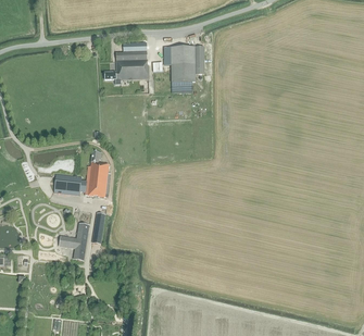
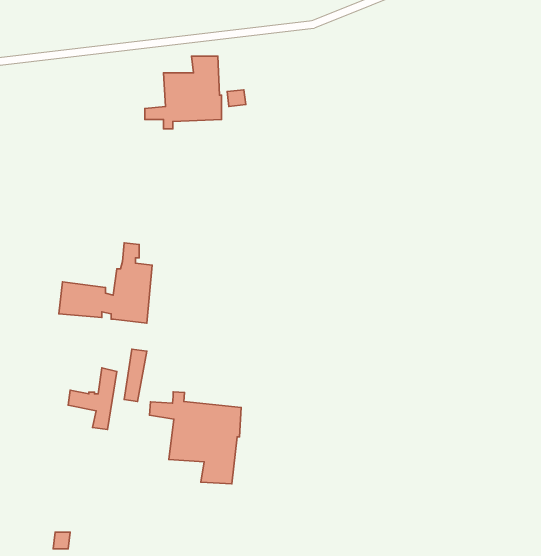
building: [164,46,204,82] -> none
building: none -> [149,392,241,484]

